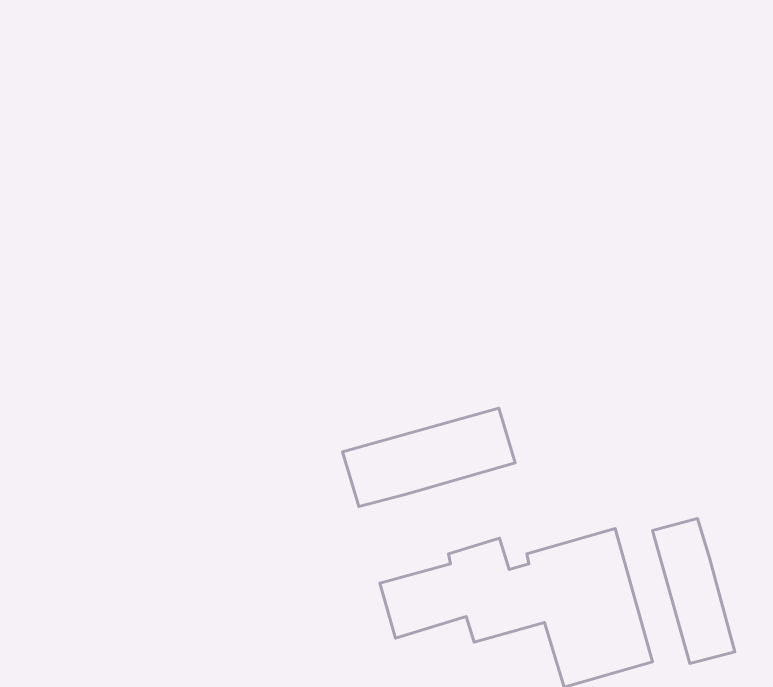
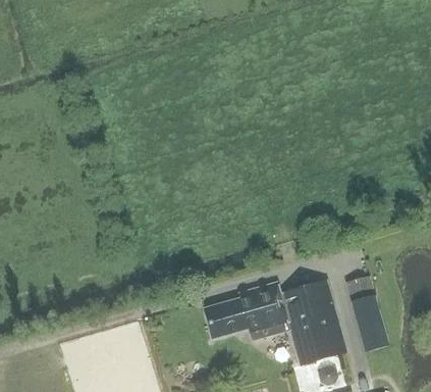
building: [342,408,515,506] -> none

